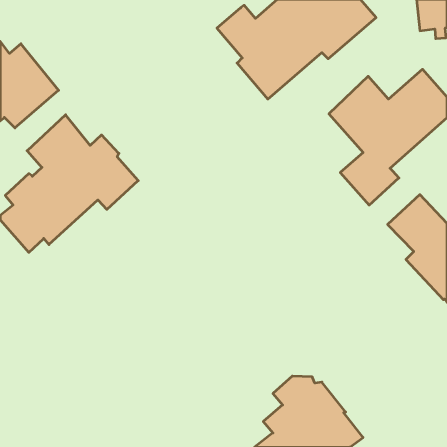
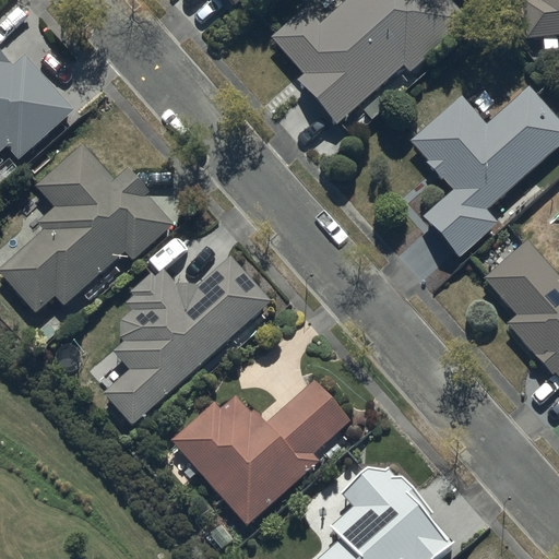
building: none -> [102,255,271,424]
building: none -> [171,381,350,526]

